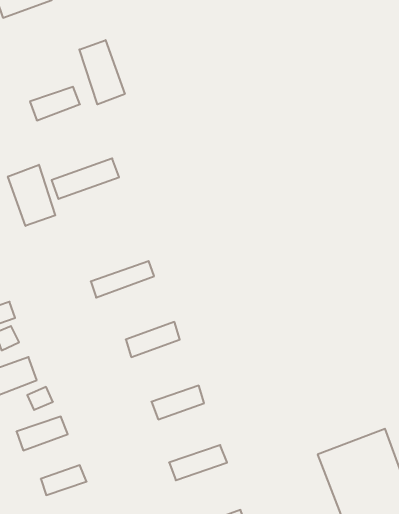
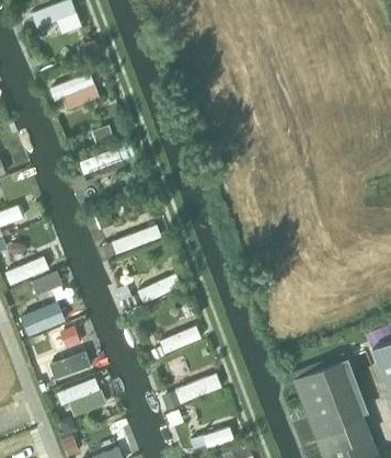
building: [79,40,125,104] -> none
building: [8,165,55,226] -> none

